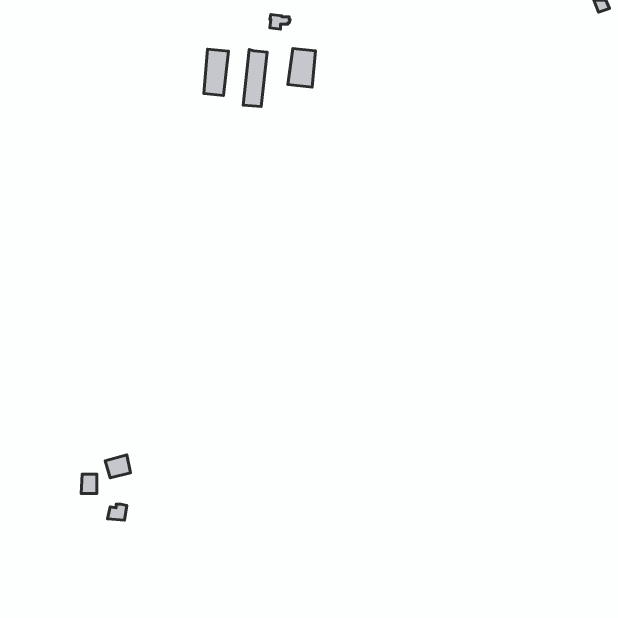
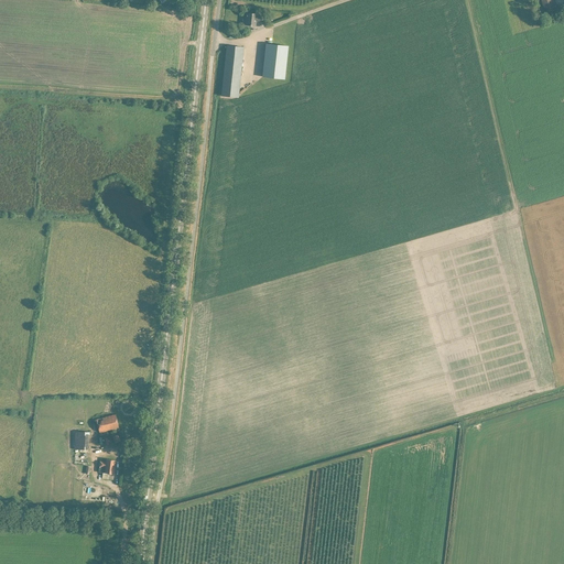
building: [204,49,228,96] -> none

